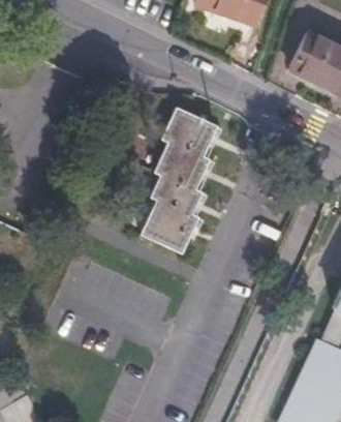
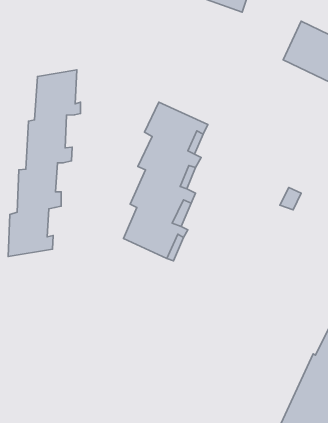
building: none -> [8,70,81,257]

